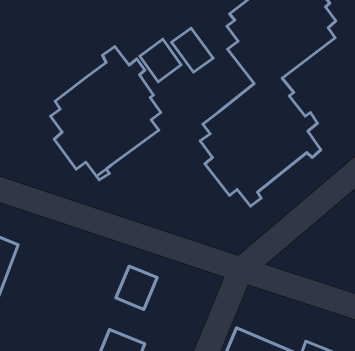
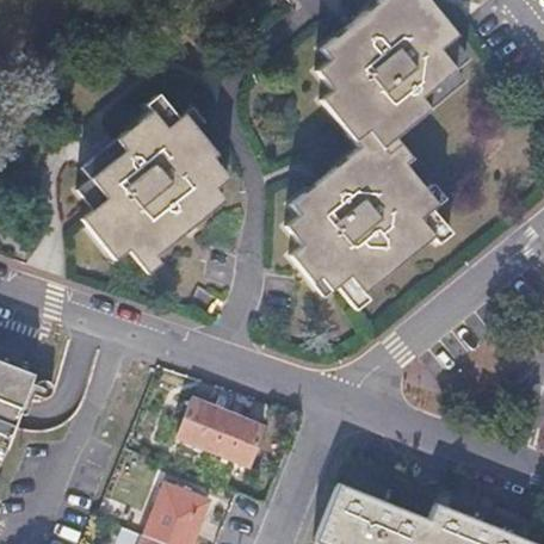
building: [171,28,213,72] -> none
building: [140,39,181,82] -> none
building: none -> [209,410,264,470]

